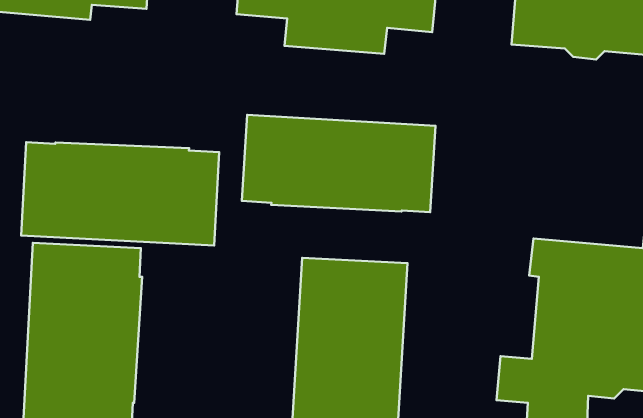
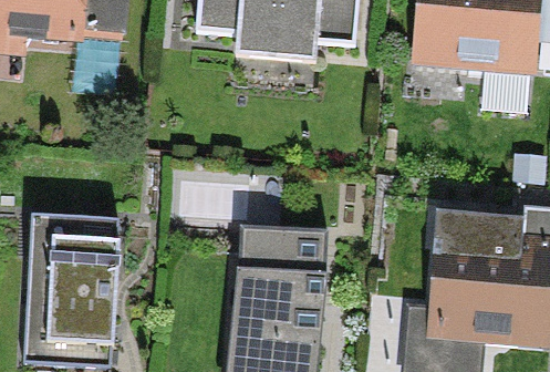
building: [242,115,435,212] -> none
building: [21,142,219,246] -> none

